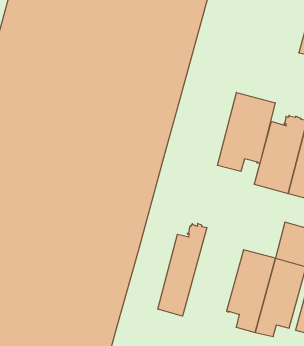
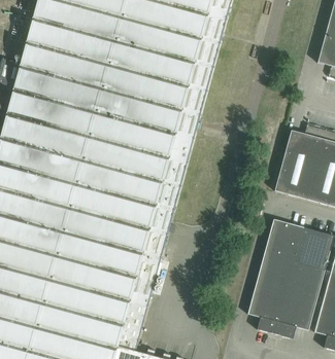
building: [217,92,275,171] -> none
building: none -> [264,219,304,262]
building: [158,223,207,316] -> none

